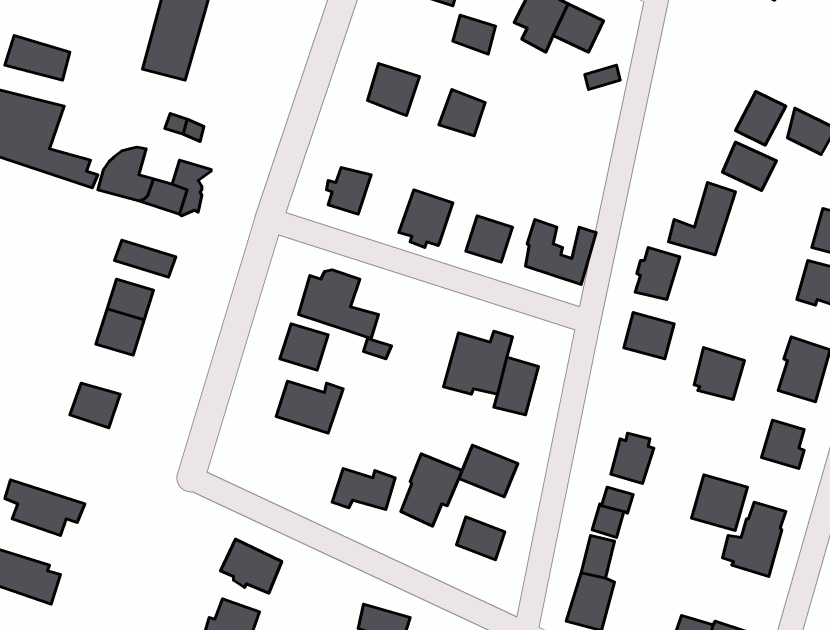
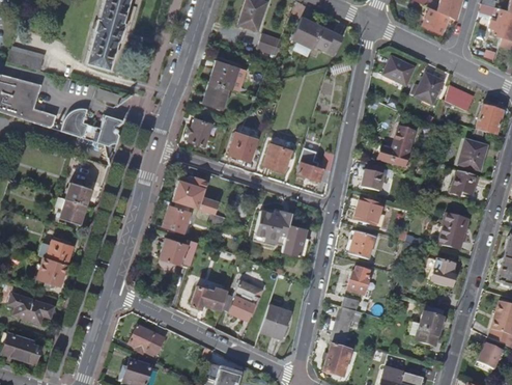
building: [439,90,485,136] -> [204,81,230,107]
building: [723,142,777,191] -> [385,58,415,85]
building: [694,348,744,400] -> [347,230,375,259]
building: none -> [36,256,67,285]
building: [459,445,518,497] -> none
building: [691,475,748,530] -> none

